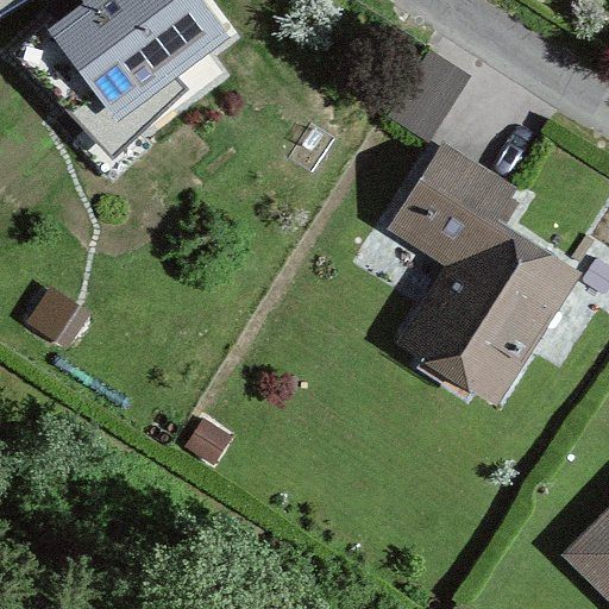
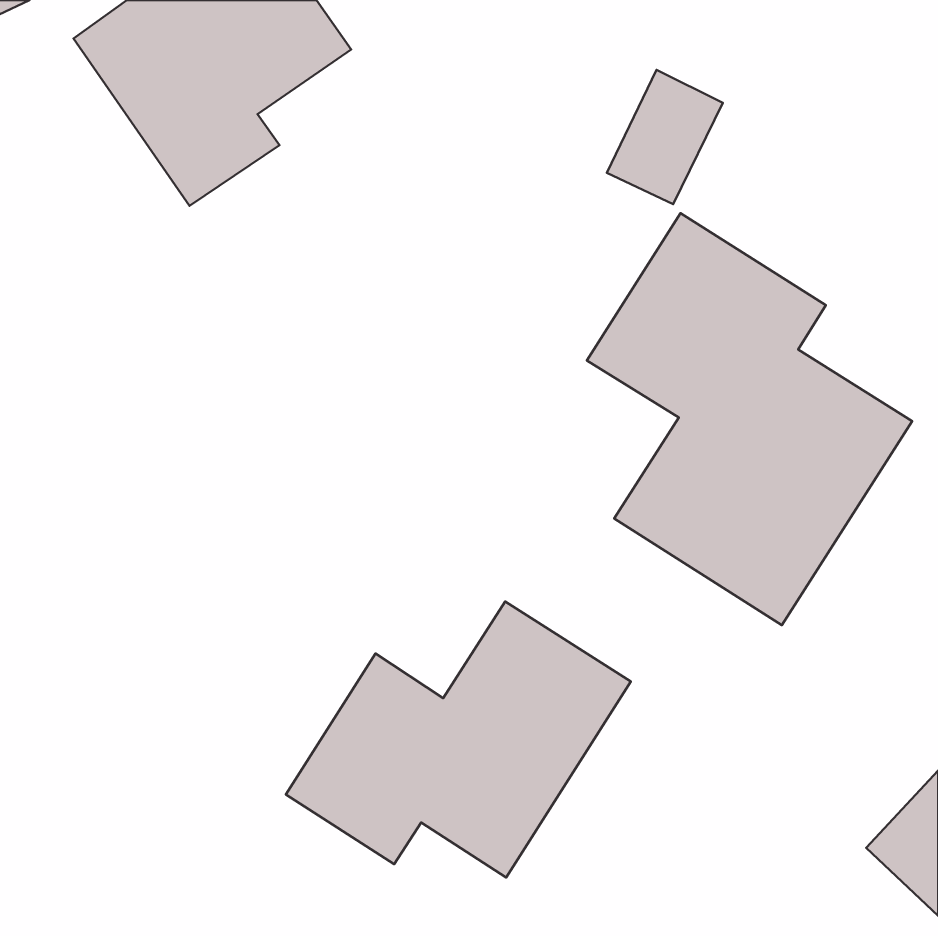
building: none -> [286,601,631,877]

